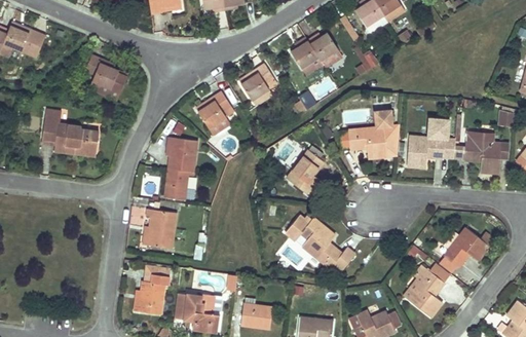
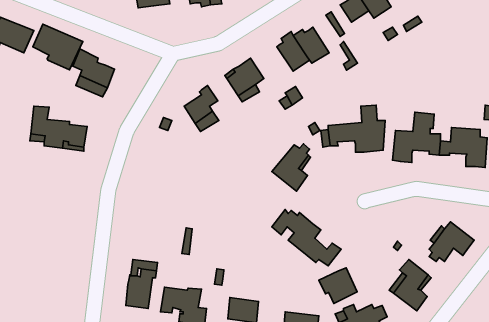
building: none -> [33,24,83,70]
building: [164,137,197,200] -> none
building: [146,209,176,248] -> none
building: none -> [319,268,357,304]

